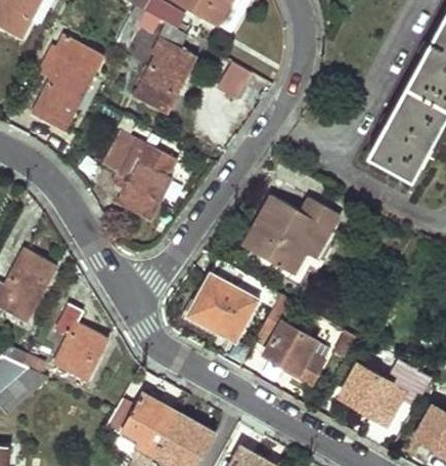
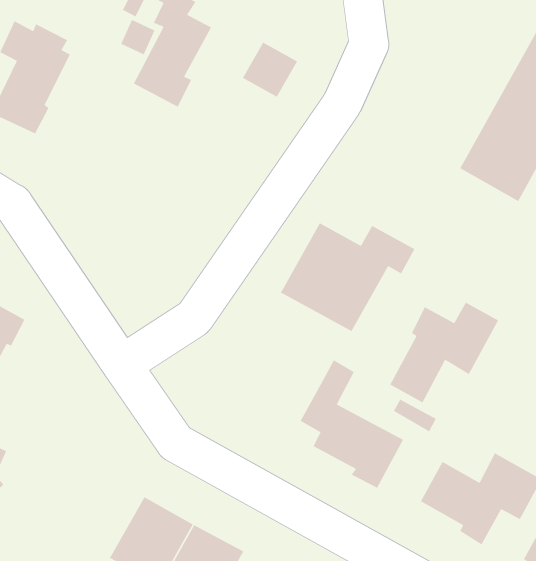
building: [100,128,175,217] -> none
building: none -> [389,301,499,404]
building: [187,260,280,335] -> none
building: [53,301,104,380] -> none

